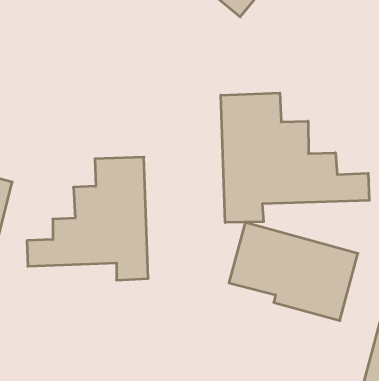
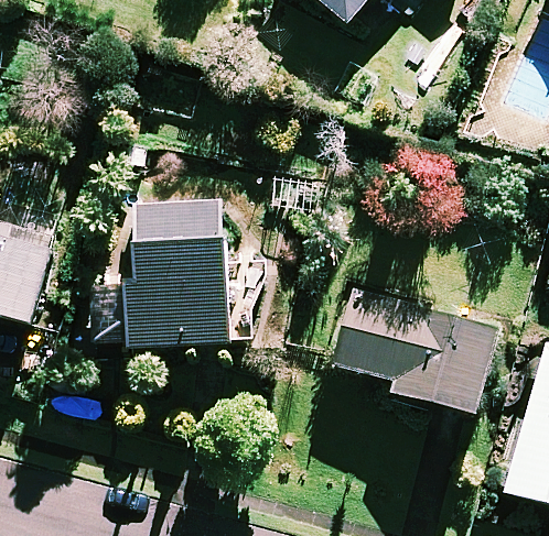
building: [221,93,369,223] -> none

